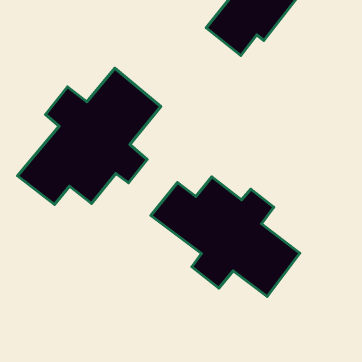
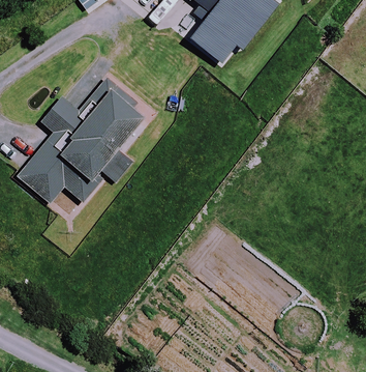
building: [151,177,300,297] -> none

